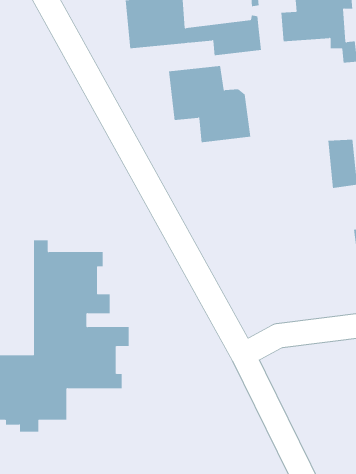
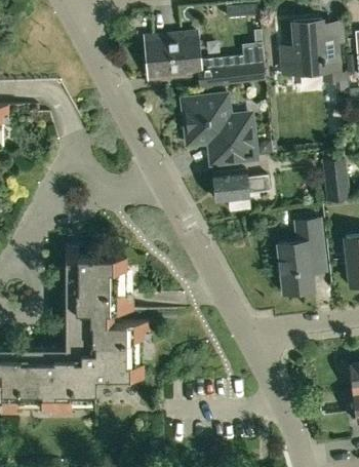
building: none -> [212,168,269,210]
building: none -> [277,218,323,291]

